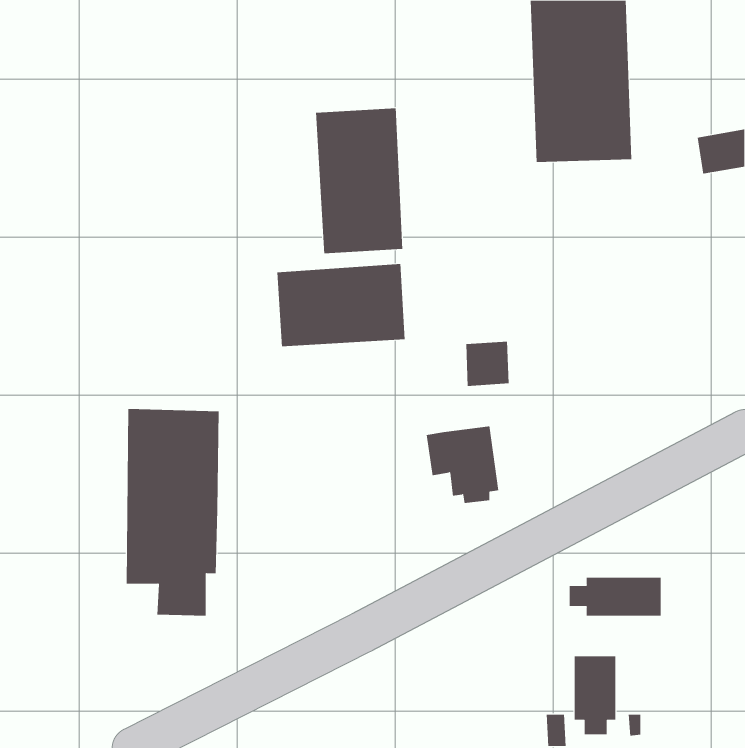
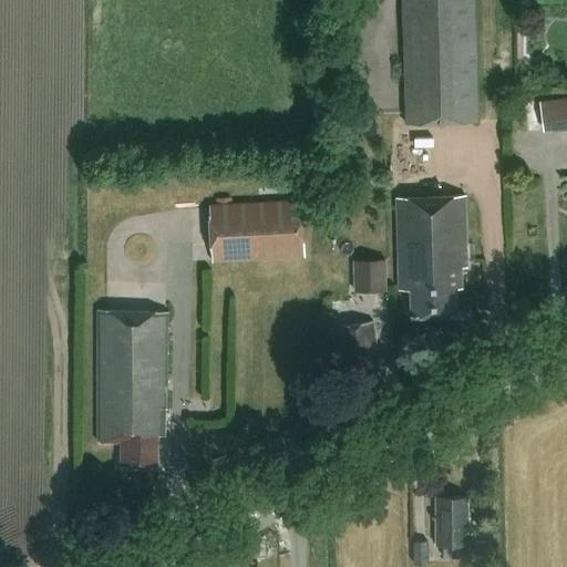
building: [316,107,403,254] -> none
building: none -> [395,195,465,316]
building: [569,577,661,616] -> none

